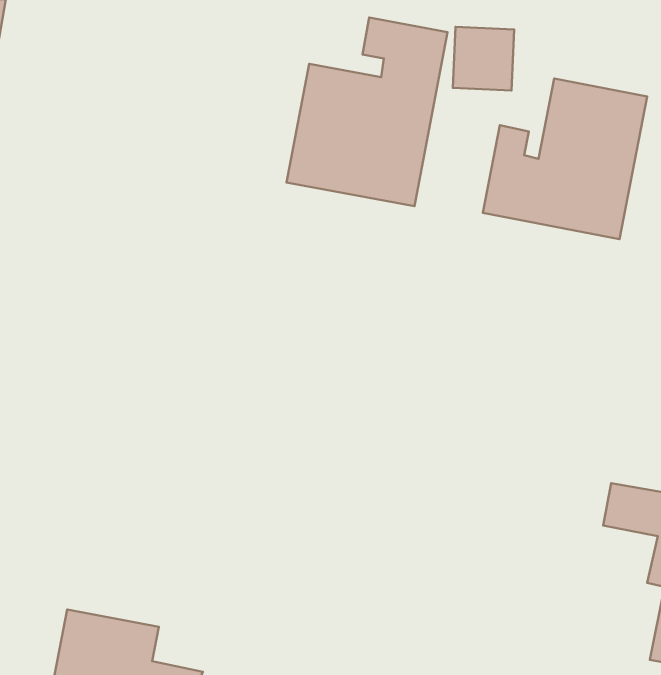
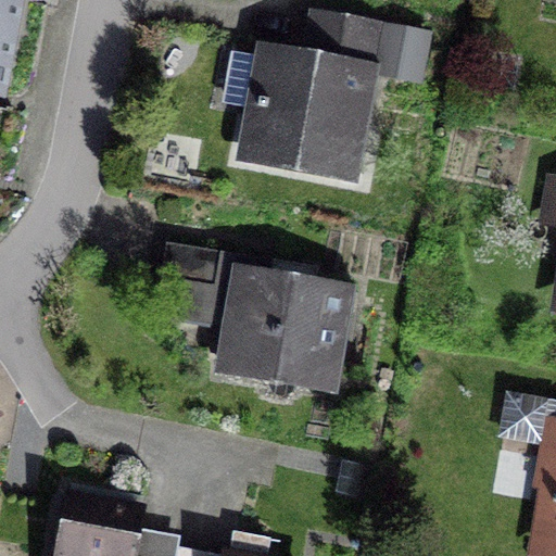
building: [483,79,647,239] -> none
building: none -> [216,281,345,390]

